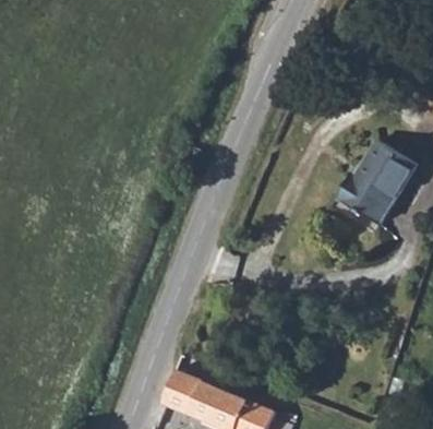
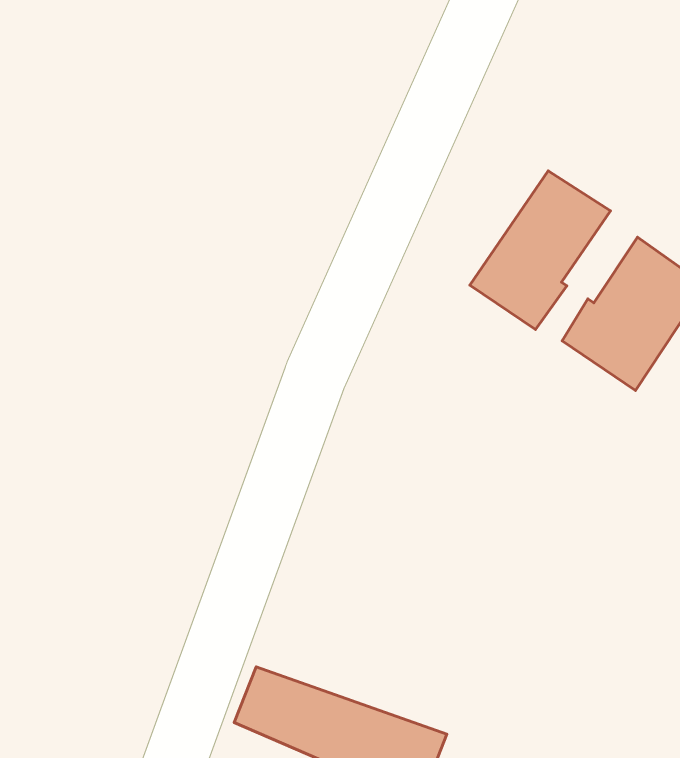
building: none -> [470,171,610,329]

